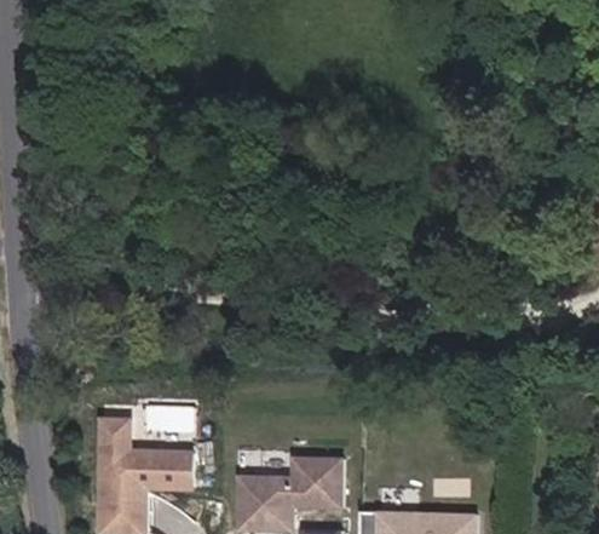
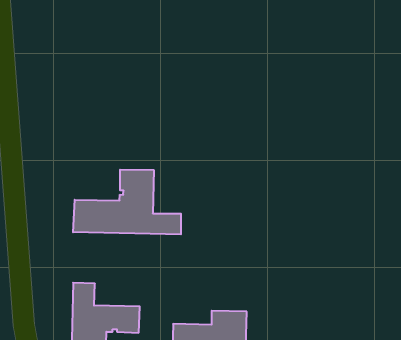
building: none -> [73,170,181,234]

